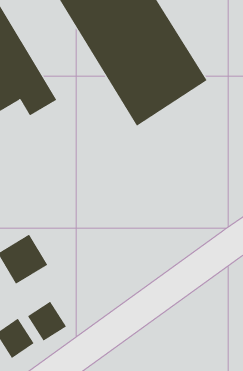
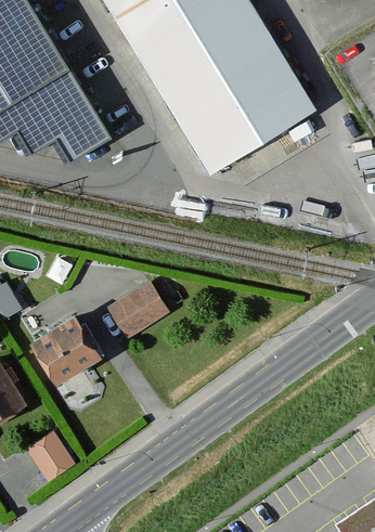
building: none -> [107,282,169,339]
building: [27,301,67,342] -> none

